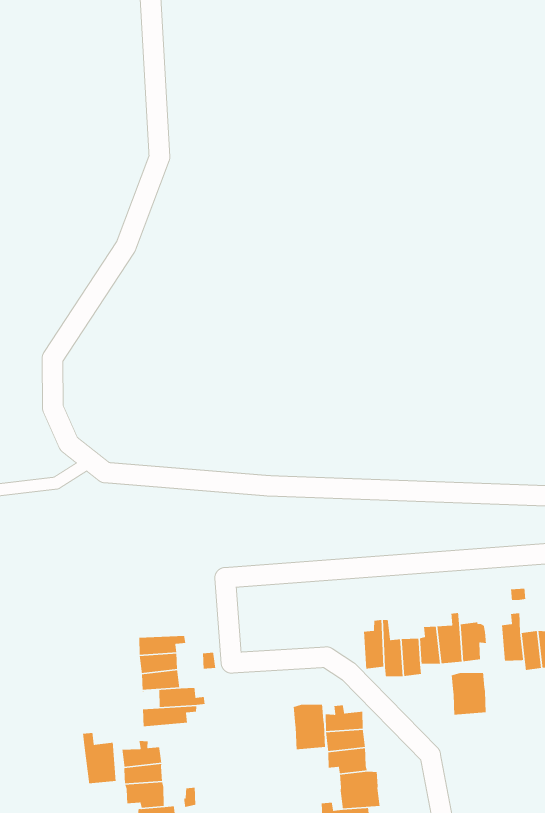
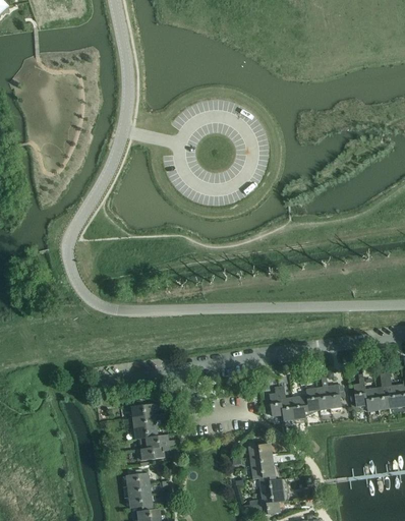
building: [451,672,487,715] -> none
building: [293,704,326,750] -> none
building: [82,732,116,784] -> none

